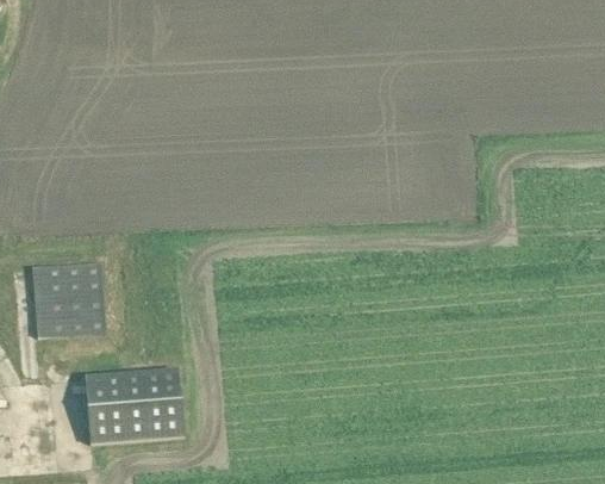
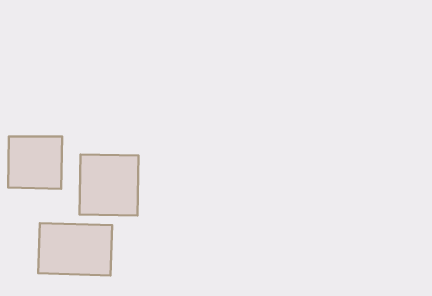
building: none -> [79,155,139,216]

